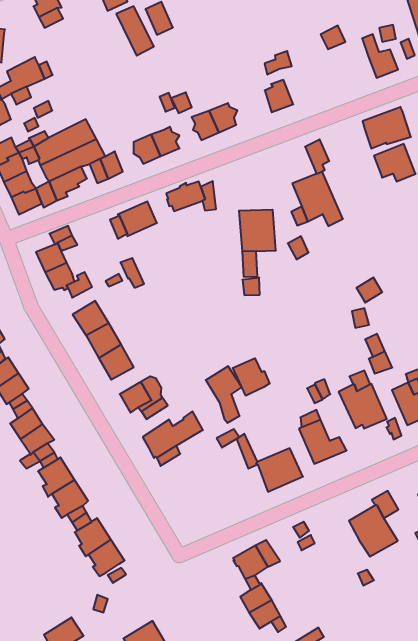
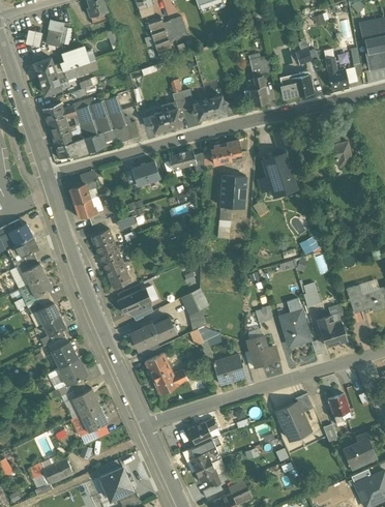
building: [363,107,411,149] -> [279,70,314,98]
building: none -> [209,139,241,165]
building: [233,358,270,396] -> none
building: none -> [144,352,186,392]

